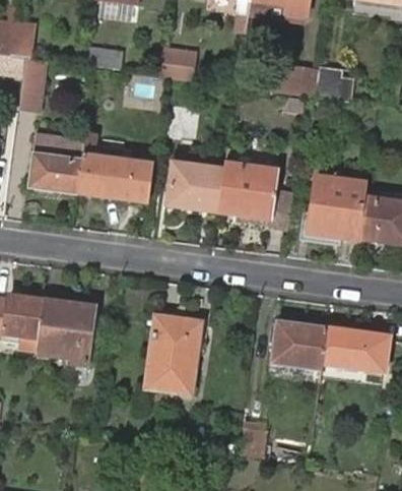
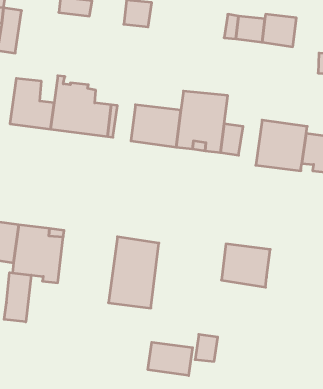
building: [321,327,377,365] -> none
building: none -> [4,273,31,322]
building: none -> [148,342,193,376]

